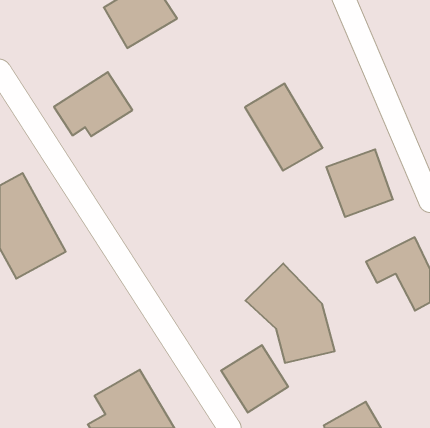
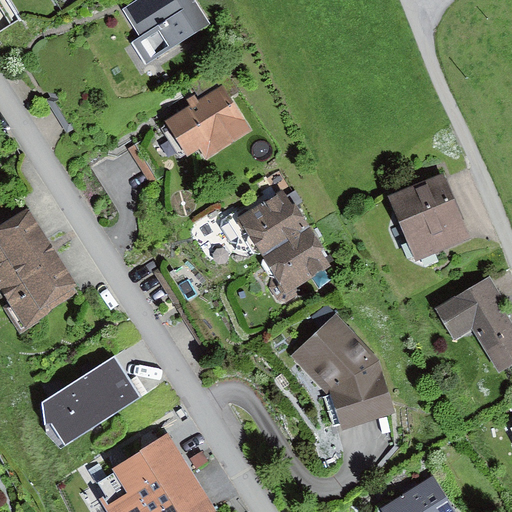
building: [54,72,132,136] -> [161,78,254,154]
building: [245,84,323,171] -> [237,194,329,297]
building: none -> [36,361,138,456]
building: [221,345,288,413] -> none

